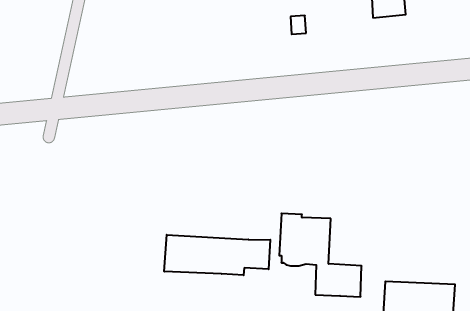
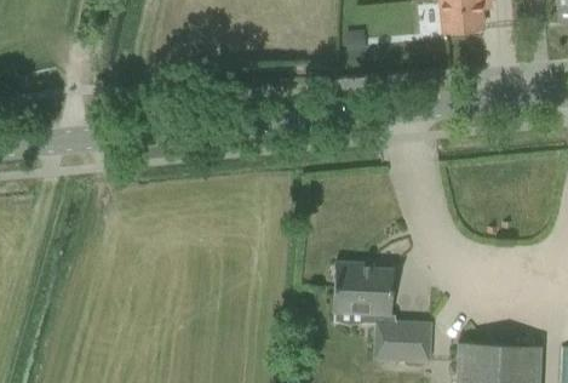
building: [164,235,270,275] -> none

